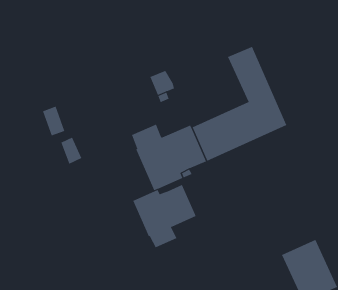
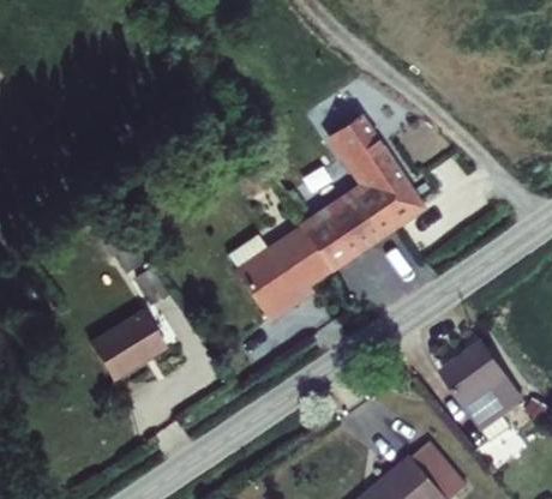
building: none -> [90,309,169,380]
building: [132,184,196,248] -> none

